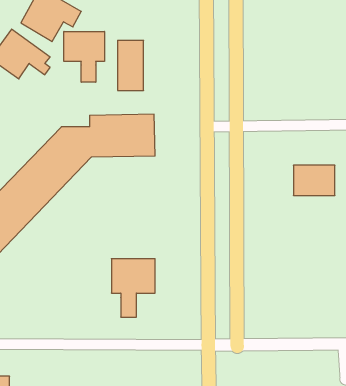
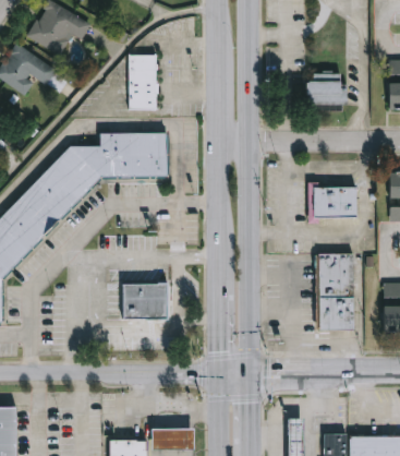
building: [64,31,104,82] -> none
building: none -> [306,72,344,104]
building: none -> [315,254,353,331]

